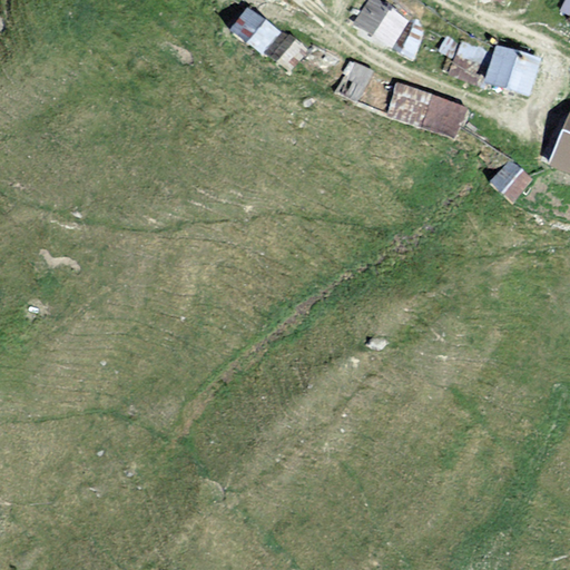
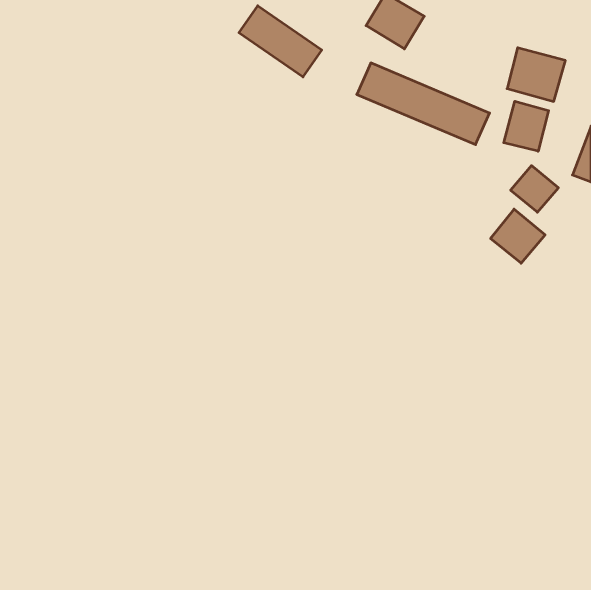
building: none -> [504,101,549,151]
building: none -> [491,209,545,263]

